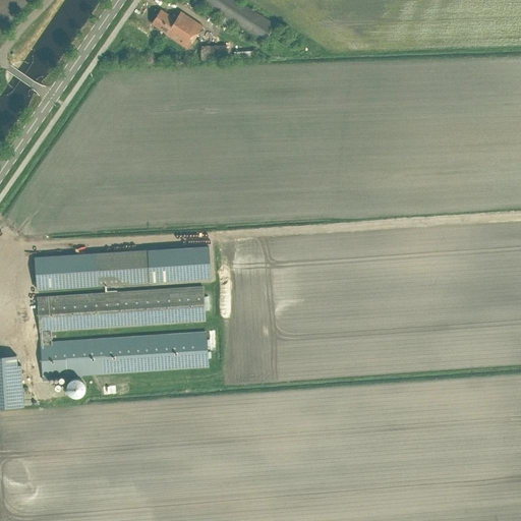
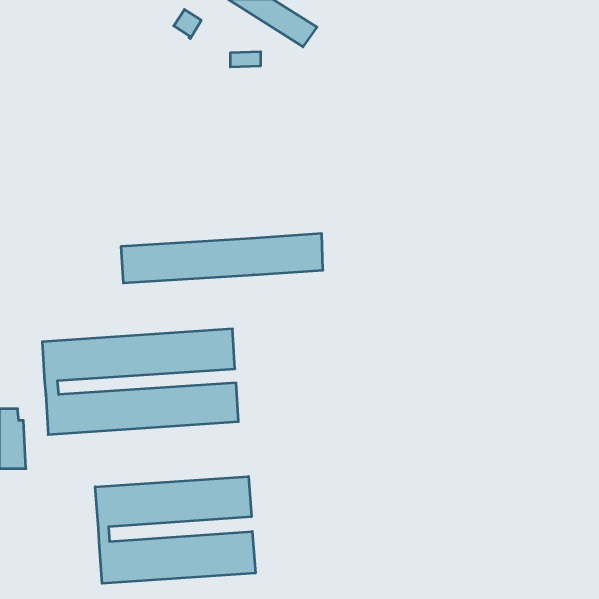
building: [165,10,201,48] -> none
building: [34,245,209,288] -> [121,234,323,283]
building: none -> [95,476,255,583]

